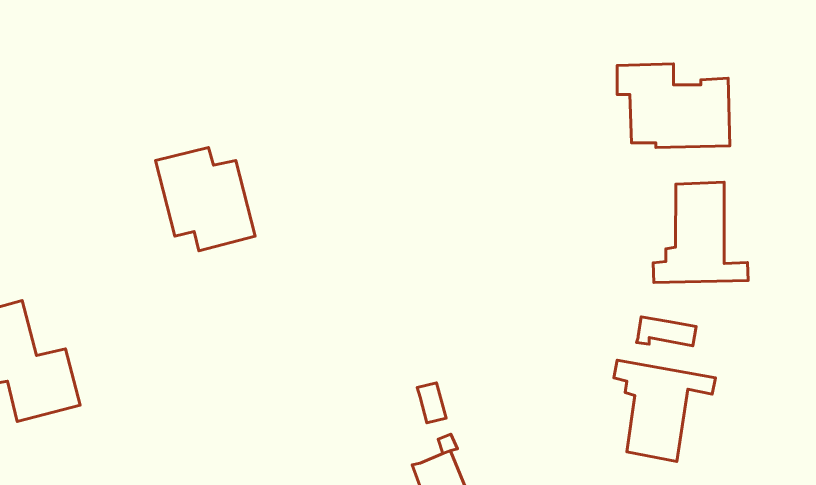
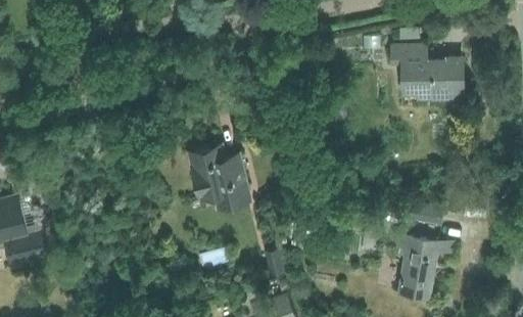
building: [155,148,255,251] -> [189,144,252,210]
building: [653,182,748,283] -> none

